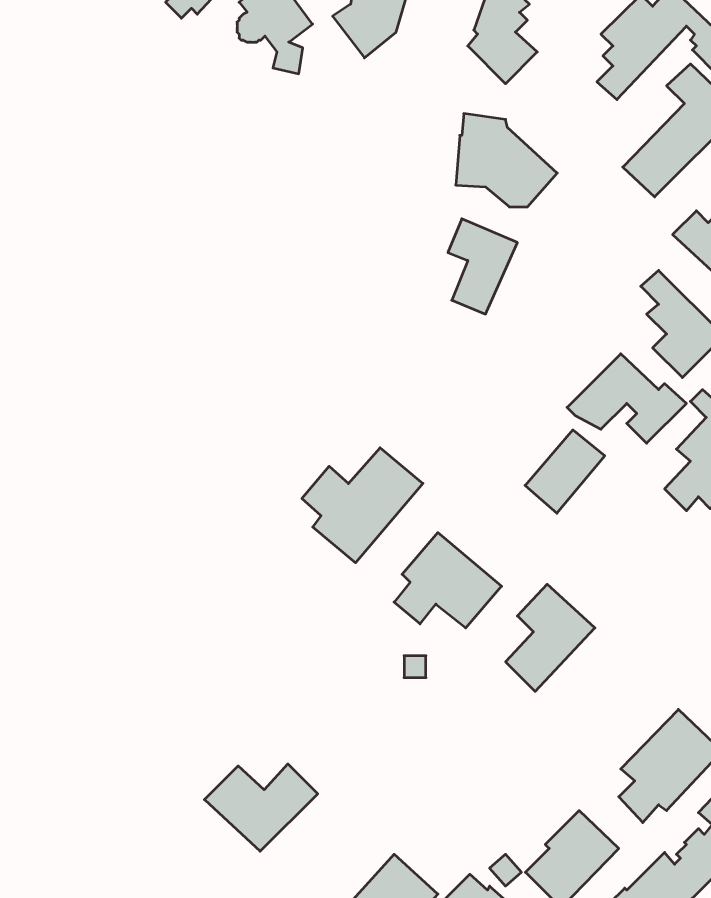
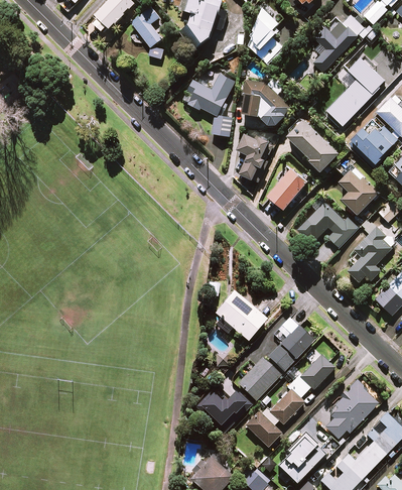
building: none -> [182,74,235,137]
building: none -> [287,119,339,171]
building: [525,430,605,513] -> [268,167,308,210]
building: [302,448,423,563] -> none
building: none -> [245,355,333,448]
building: none -> [237,358,280,401]
building: [204,764,318,851] -> [193,390,251,435]

